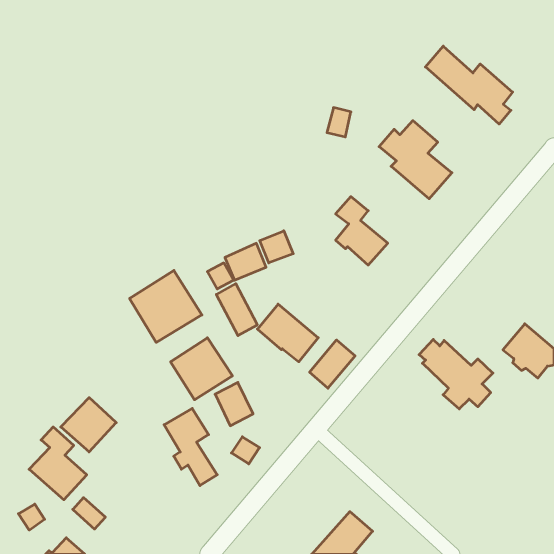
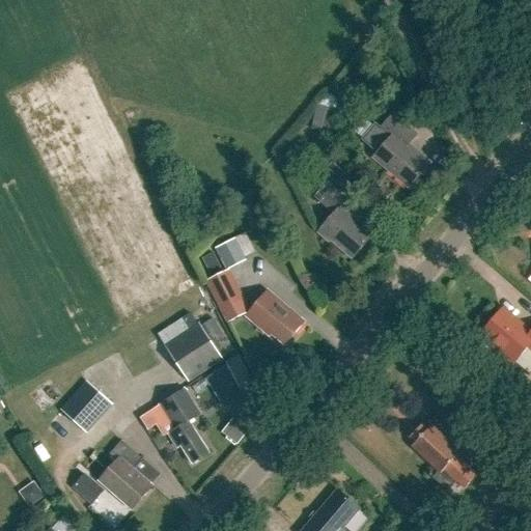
building: [425,46,513,124] -> none
building: [260,231,293,263] -> none
building: [130,270,202,342] -> none
building: [419,339,493,409] -> [408,424,478,491]
building: [310,340,355,388] -> none
building: [29,427,87,500] -> [97,439,152,508]

